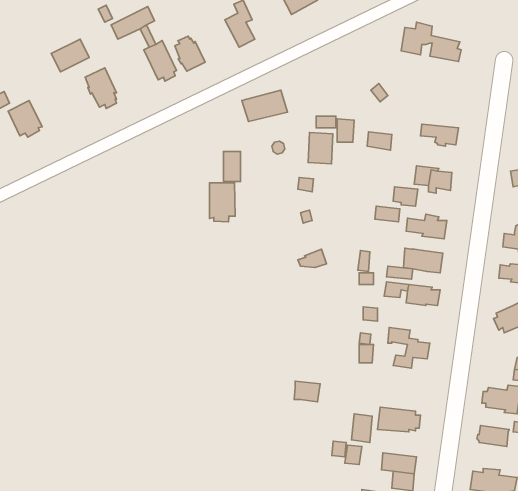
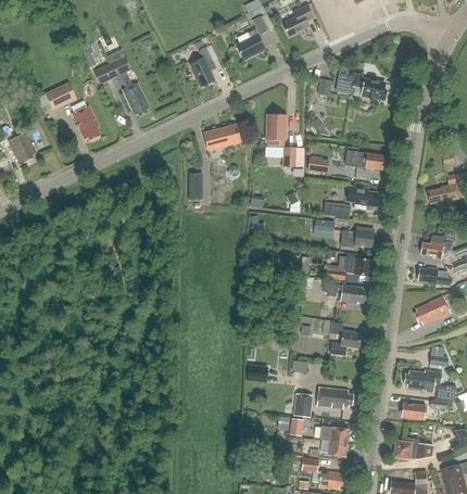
building: [175,36,205,71] -> none
building: [308,132,333,164] -> [266,113,287,139]
building: [209,183,235,222] -> none

